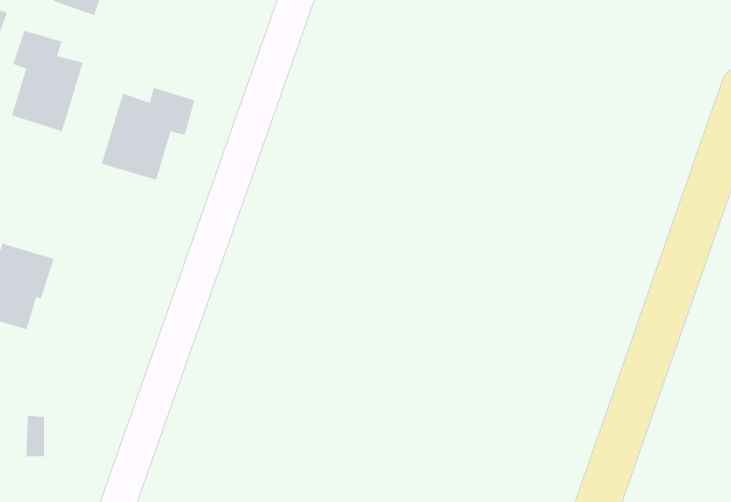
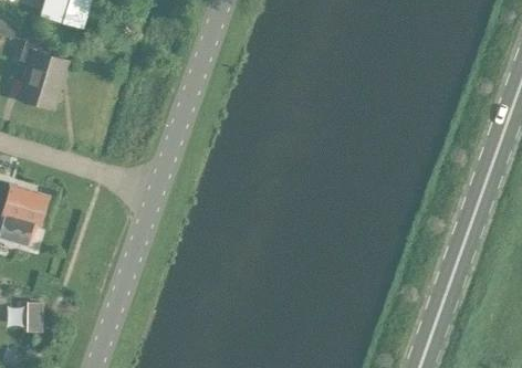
building: [101,87,195,181] -> none

